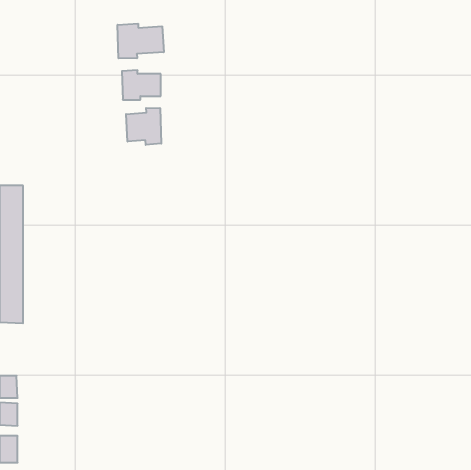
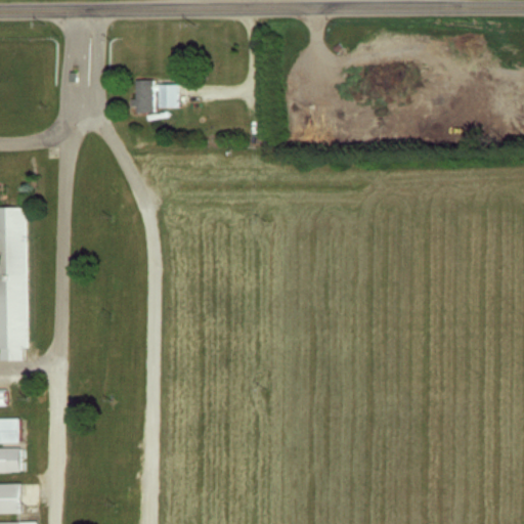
building: [118,24,164,58] -> none
building: [126,108,161,145] -> none

